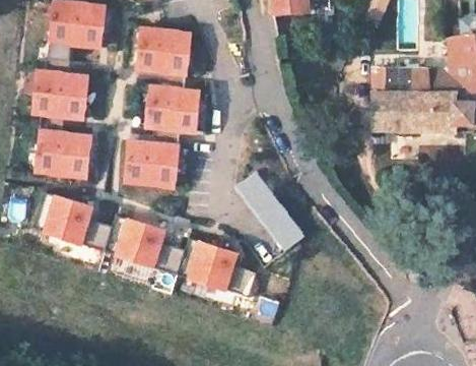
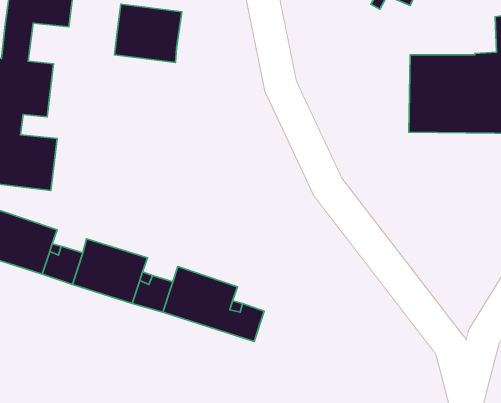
building: [147,85,200,132] -> none
building: [127,140,180,187] -> none
building: [234,171,304,252] -> none

